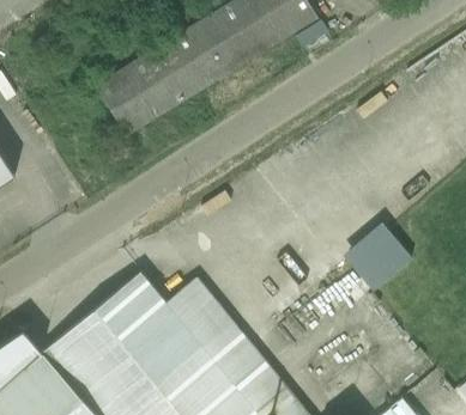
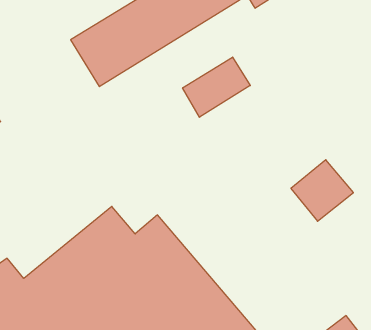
building: none -> [183,57,250,117]

